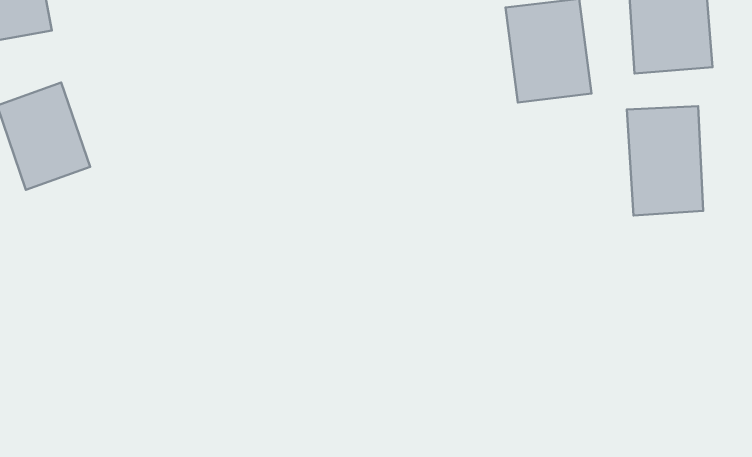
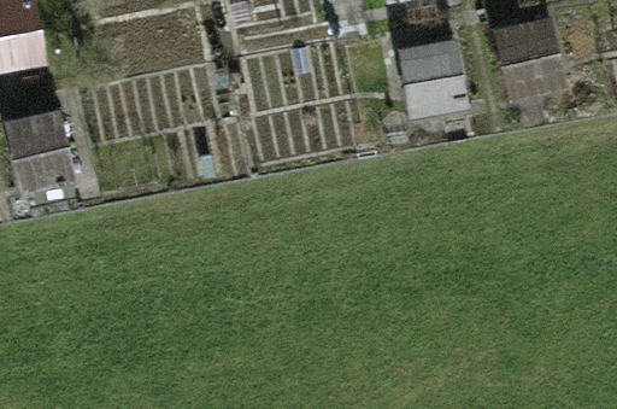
building: [627,106,703,215] -> none

